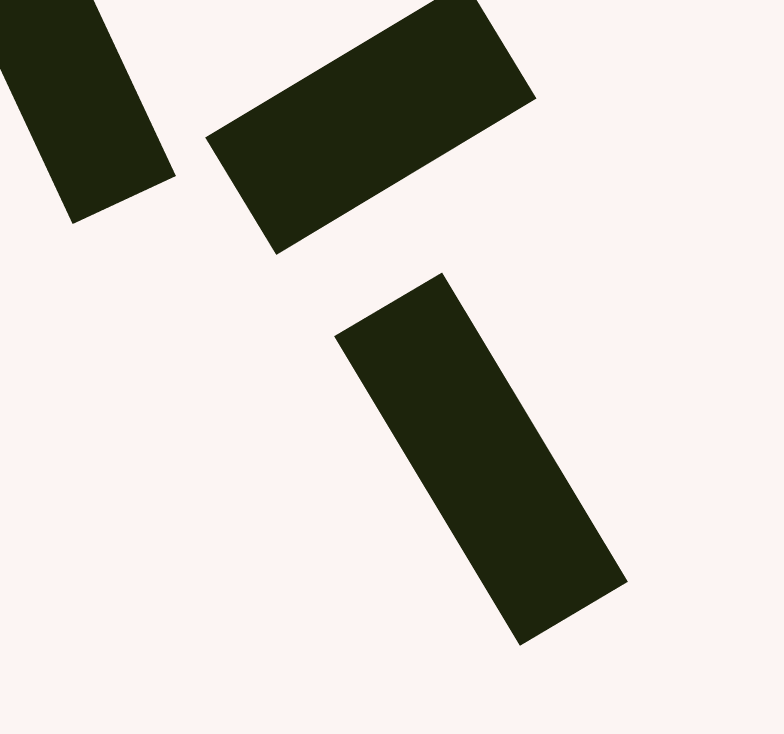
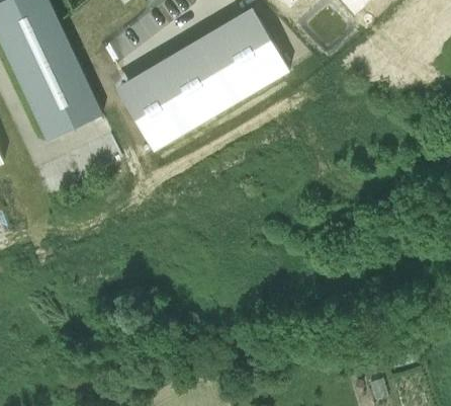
building: [333,271,629,647] -> none

